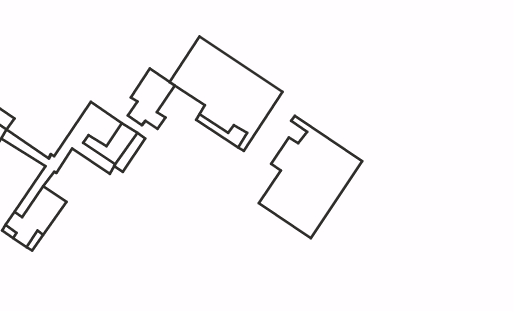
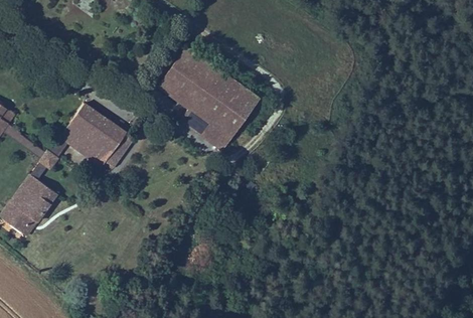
building: [128,69,175,129] -> none
building: [259,116,362,238] -> none

